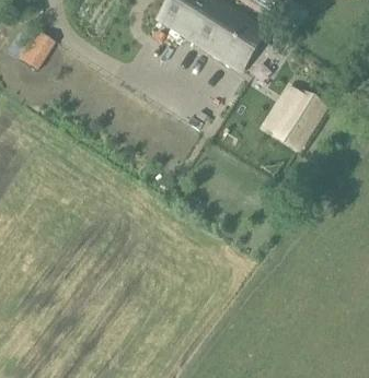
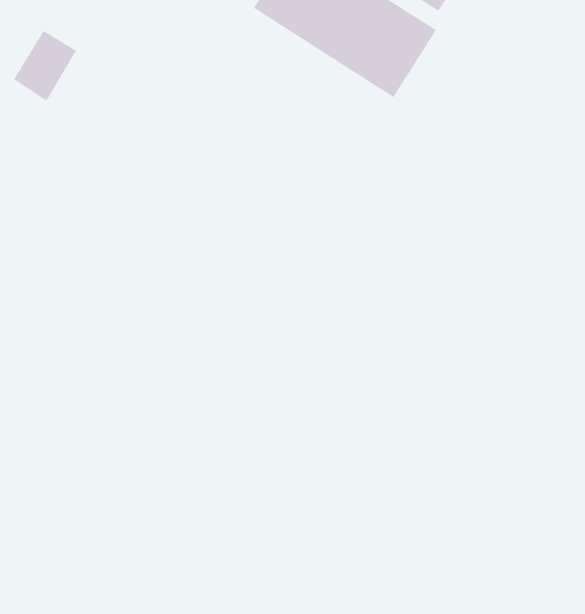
building: [273,91,325,151] -> none

